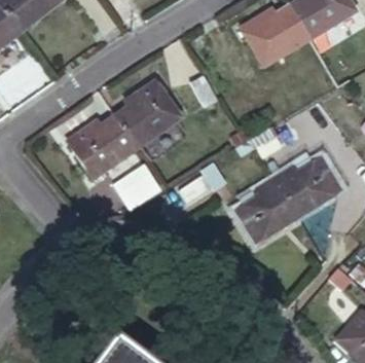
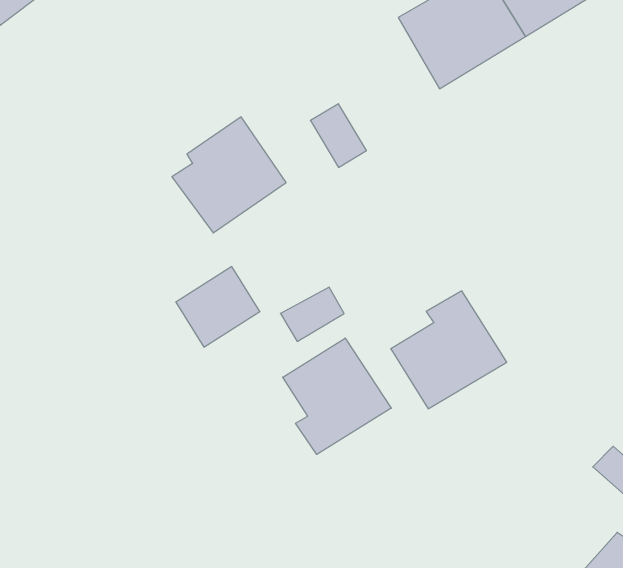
building: [66,114,139,178] -> none
building: [276,157,342,216] -> none
building: none -> [283,338,391,454]

